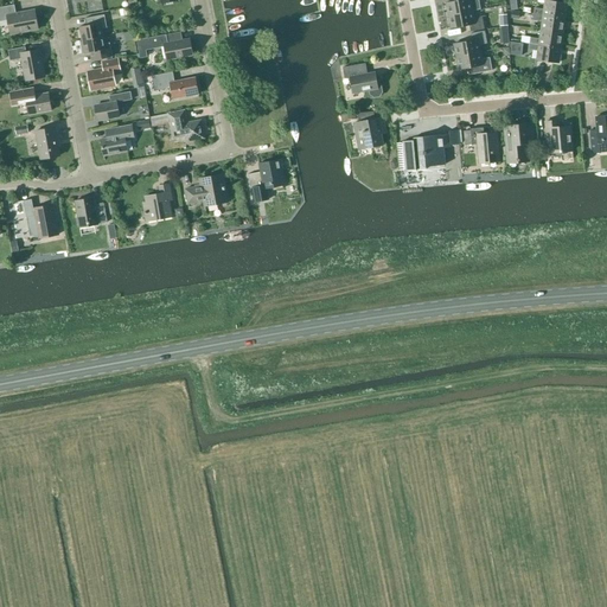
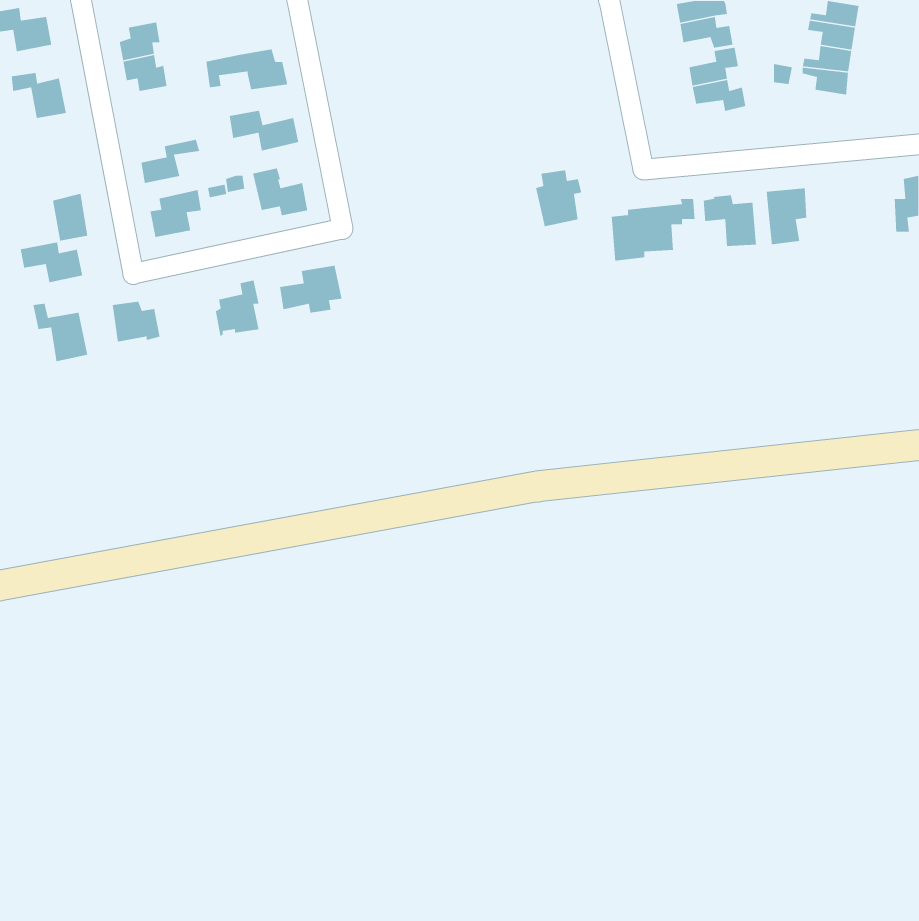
building: [87,59,119,89] -> none
building: [341,64,379,97] -> none
building: [8,88,50,115] -> [20,242,83,283]
building: [544,121,570,153] -> none
building: [245,159,283,202] -> none

